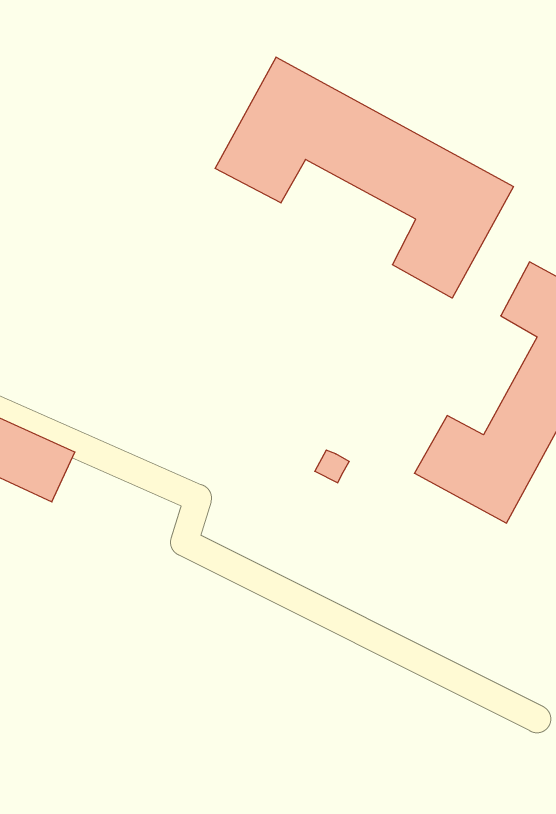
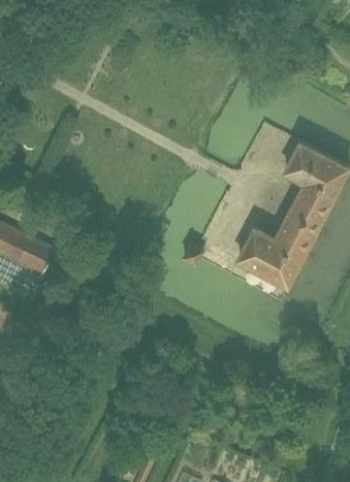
building: [215,57,513,298] -> none

